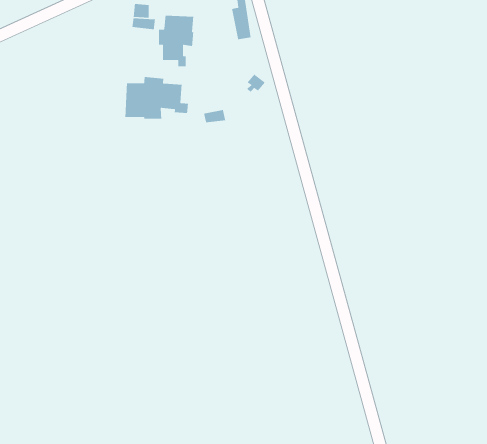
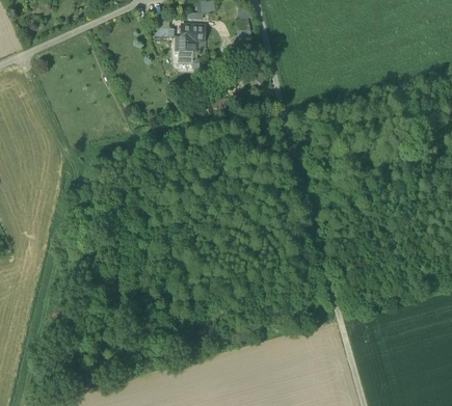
building: [125,76,189,119] -> none

